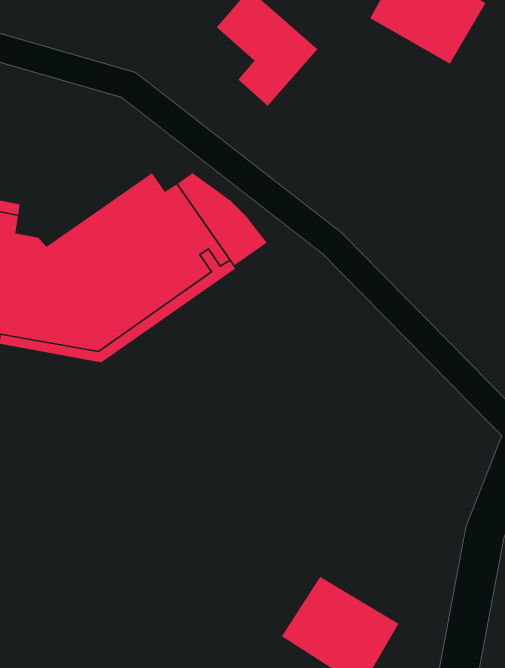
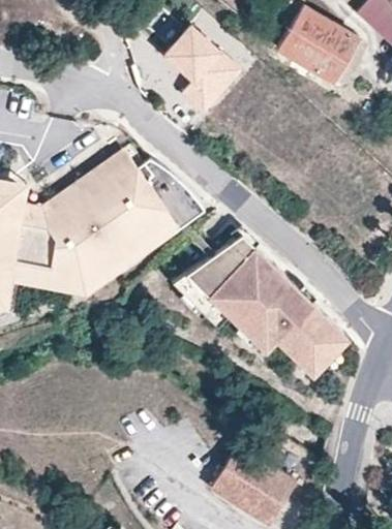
building: none -> [42,149,139,213]
building: none -> [174,236,350,375]

